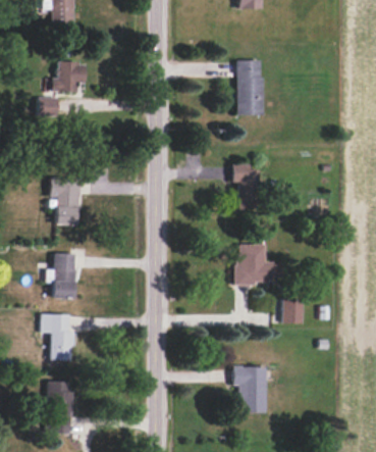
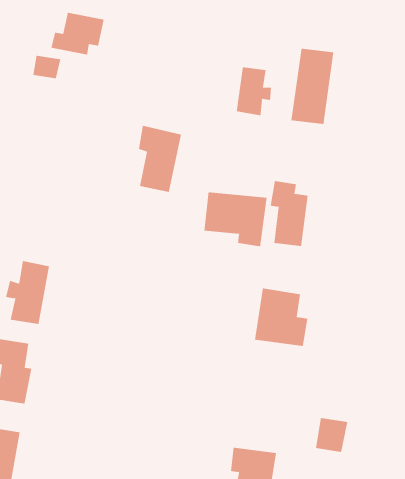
building: none -> [236,67,271,116]
building: none -> [204,192,267,247]
building: [50,178,80,224] -> [138,125,182,193]
building: [283,299,305,322] -> [315,418,348,452]

